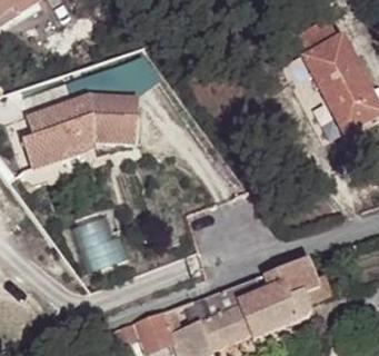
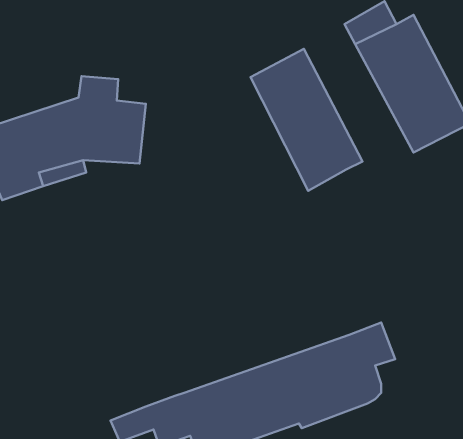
building: none -> [250,49,362,191]

